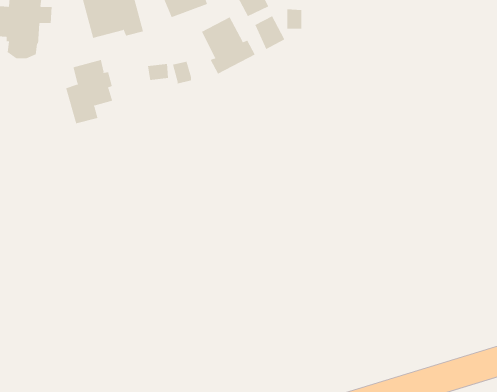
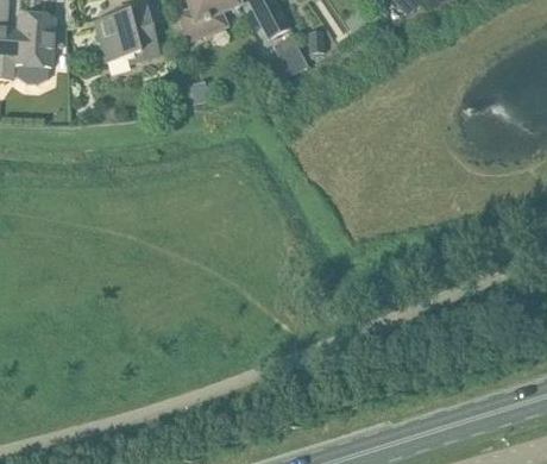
building: [201,16,256,74] -> none
building: [66,59,113,124] -> none

